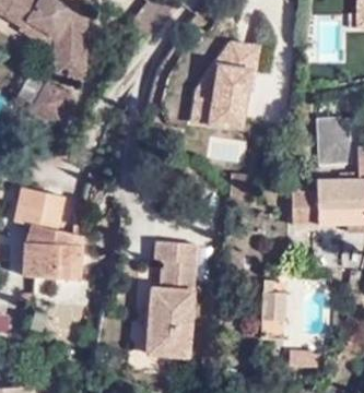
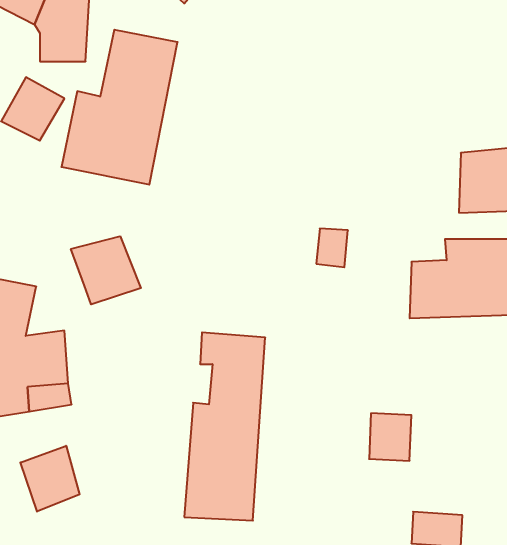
building: [187,40,259,136] -> [61,30,178,185]
building: none -> [71,236,141,304]
building: none -> [20,446,80,512]

